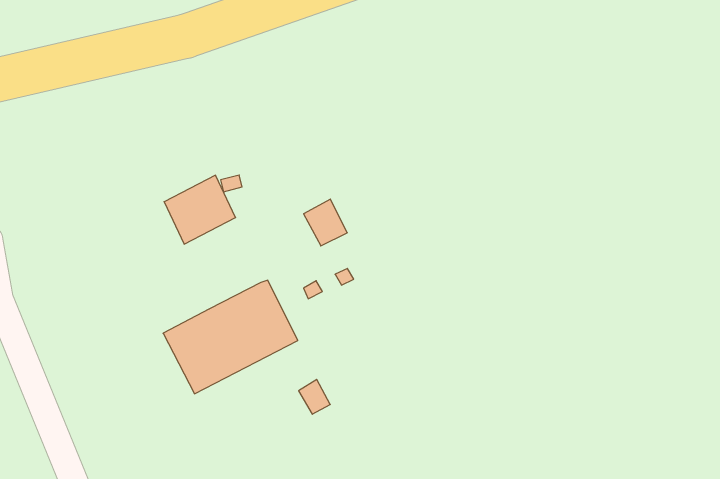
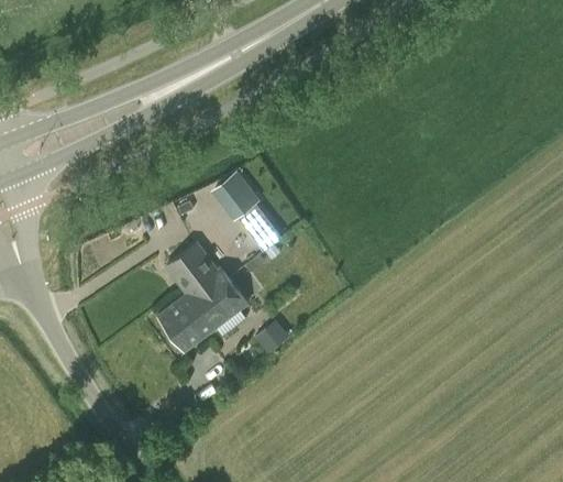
building: none -> [214,173,257,217]
building: [164,175,236,244] -> [165,242,216,293]

